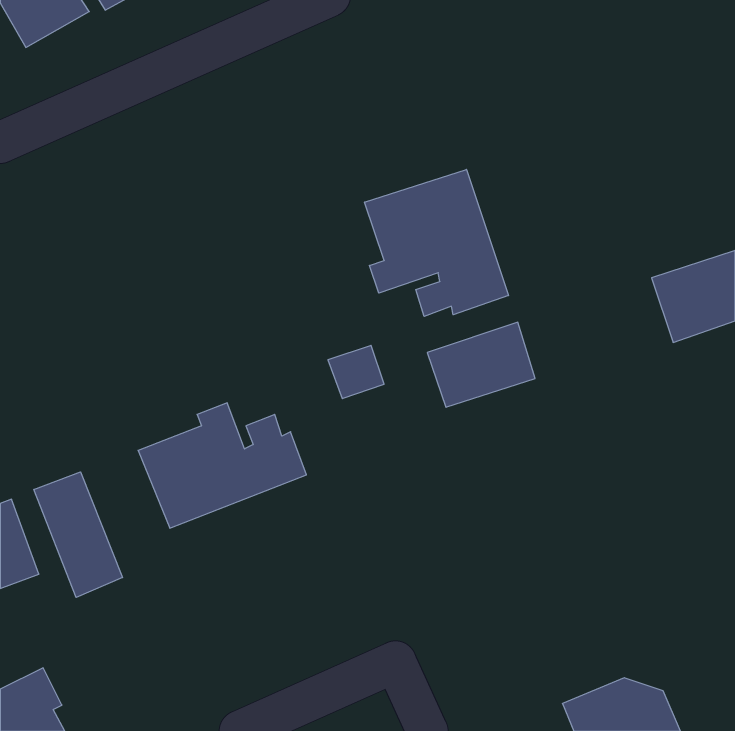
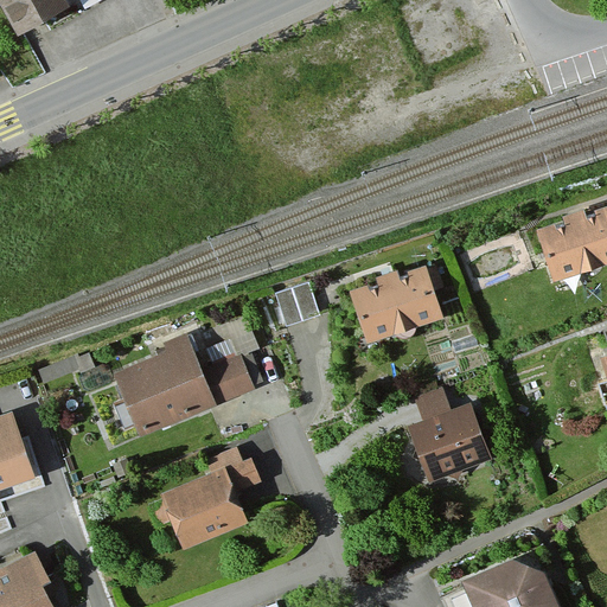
building: [365,169,508,316] -> none
building: [34,472,122,597] -> none
building: none -> [408,389,492,485]
building: none -> [151,448,261,549]

